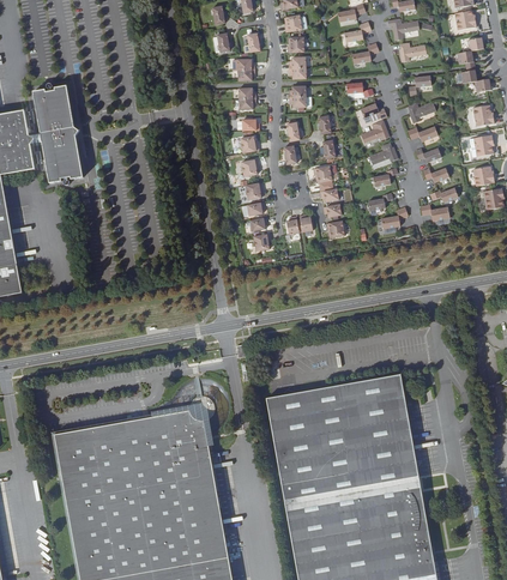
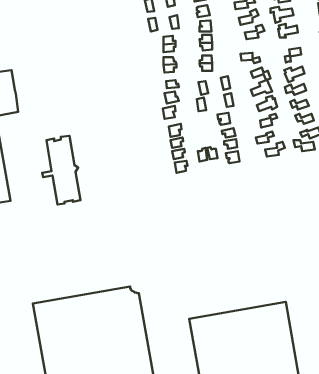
building: [30,83,84,179] -> [42,136,81,204]
building: [264,377,410,455] -> none

